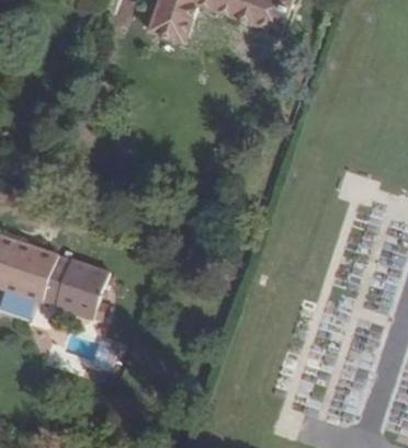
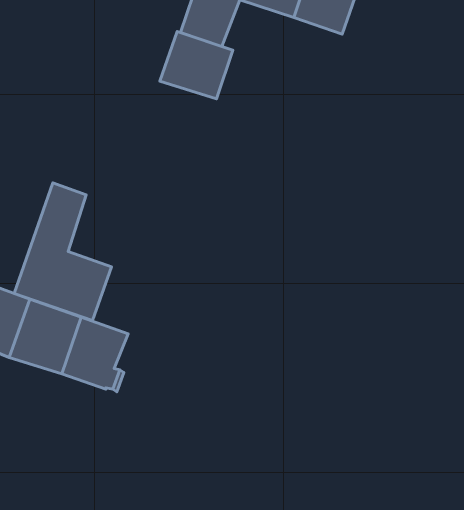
building: none -> [160,31,233,99]
building: none -> [14,183,111,321]

